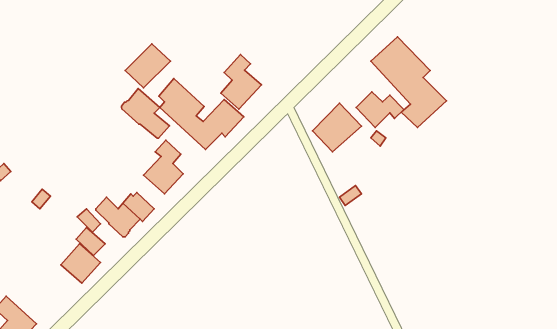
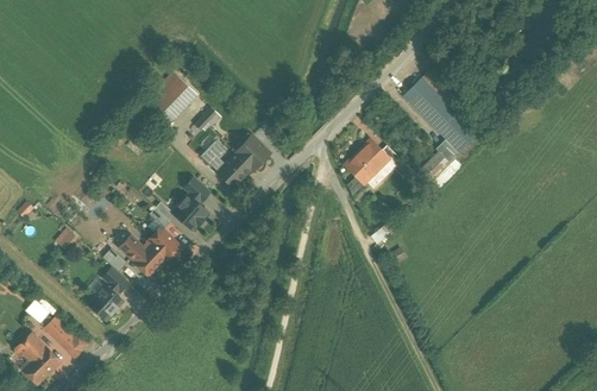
building: [221,54,261,109] -> none
building: [121,88,170,138] -> none
building: [356,92,404,128] -> none
building: none -> [43,319,89,358]

